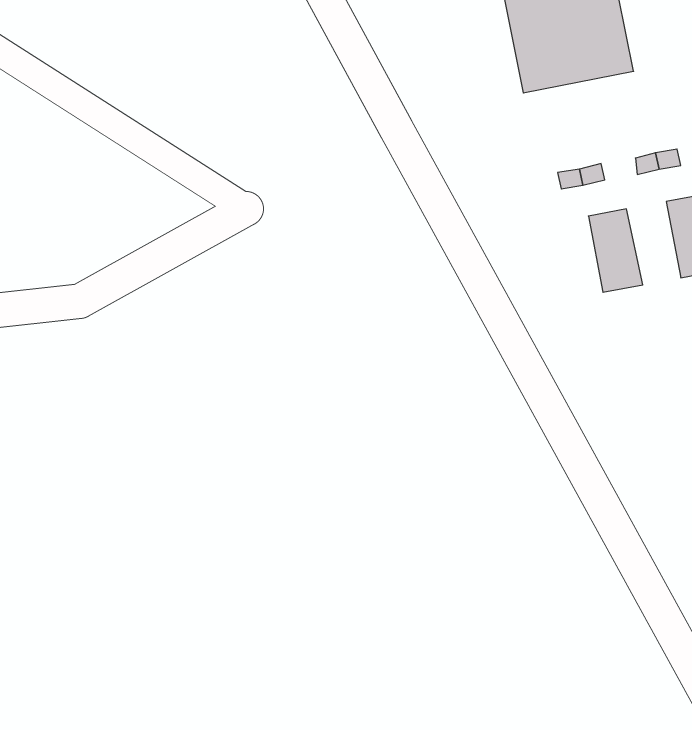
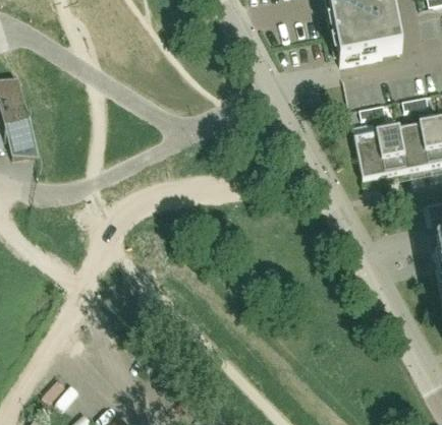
building: none -> [398,122,429,169]
building: none -> [354,130,385,178]

